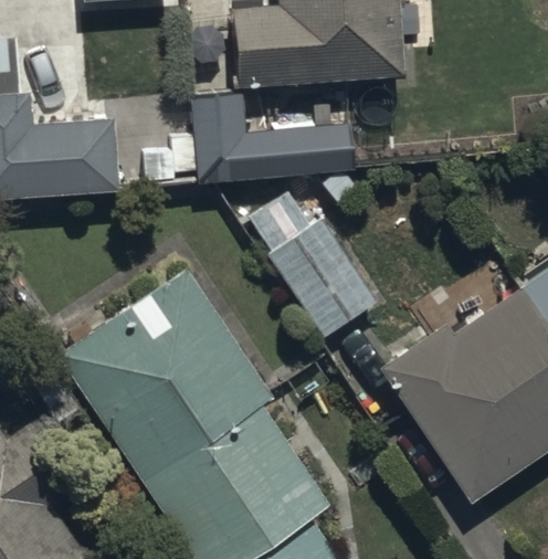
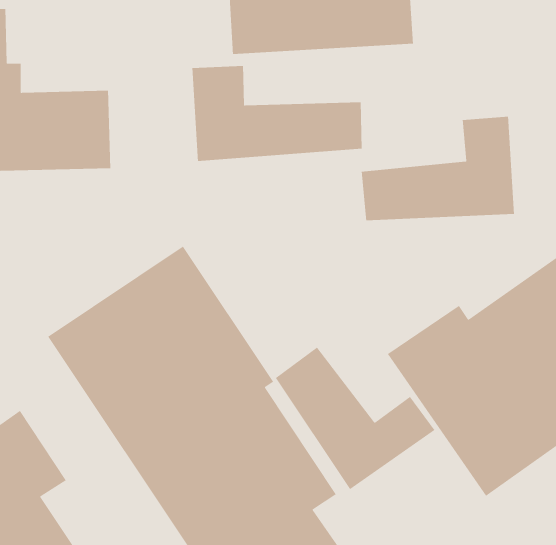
building: none -> [361,116,515,221]
building: [245,196,377,339] -> none
building: none -> [275,346,436,490]

